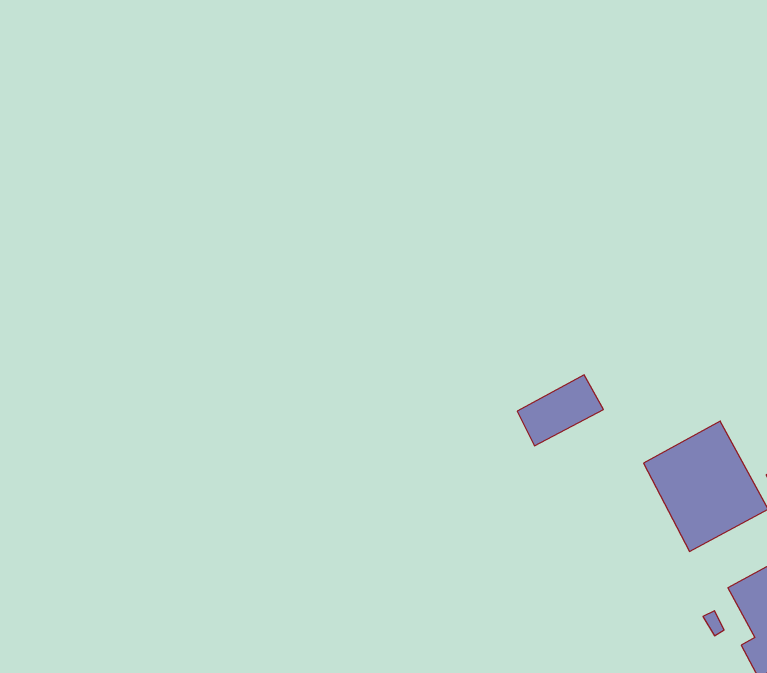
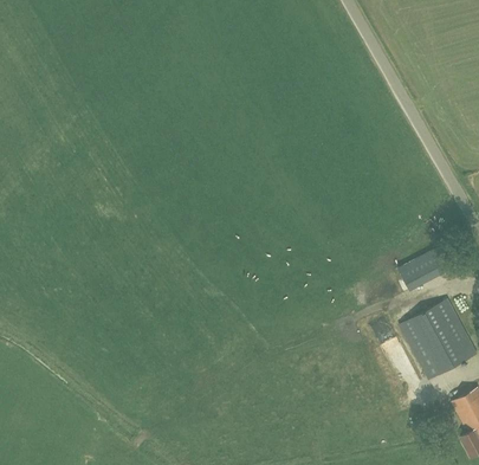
building: [517,375,603,446] -> [397,246,451,290]

